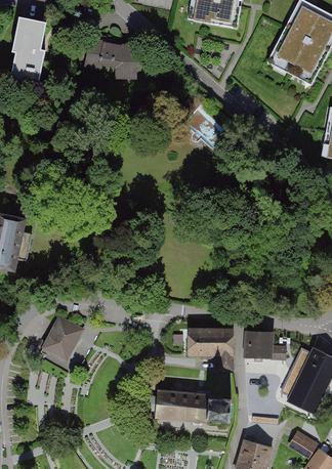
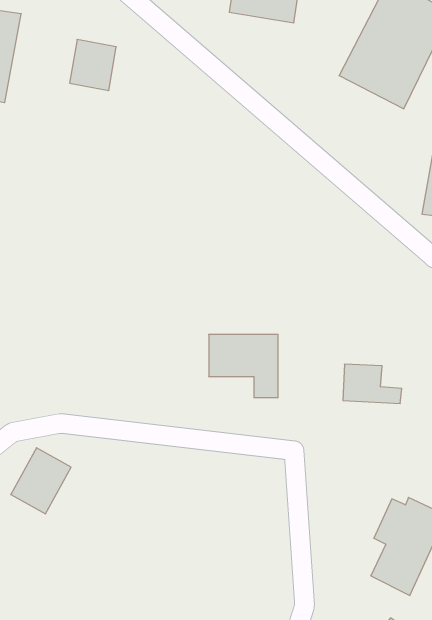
building: [109,42,140,77] -> none
building: [188,327,235,370] -> [209,334,278,398]
building: [246,332,286,358] -> [343,364,402,403]
building: [156,390,231,422] -> none

